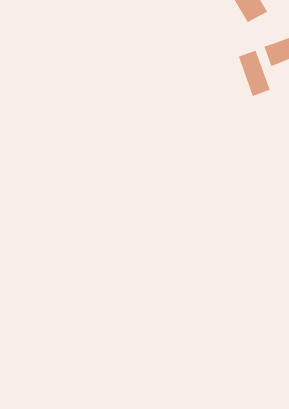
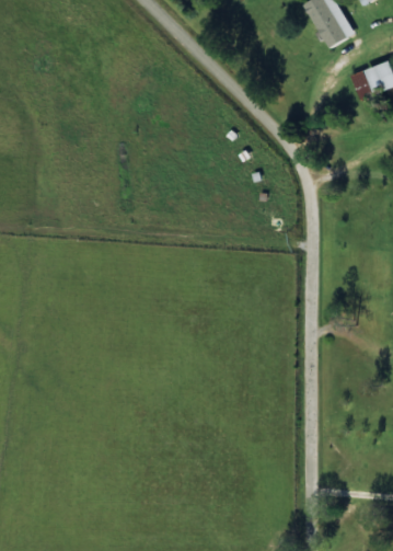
building: [238,50,271,97] -> none

